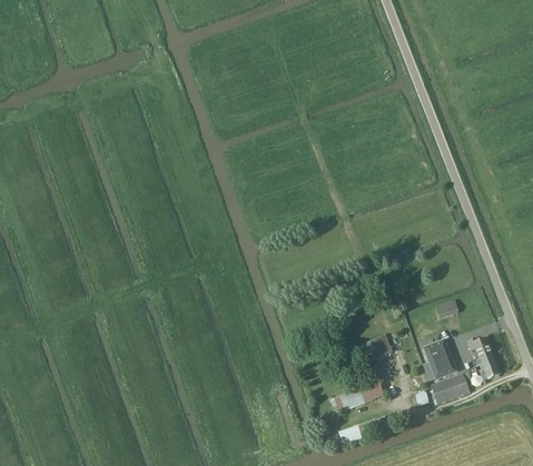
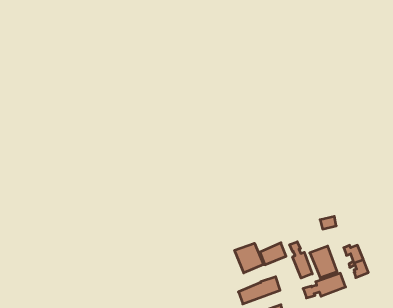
building: none -> [290,242,312,278]
building: none -> [235,243,263,273]

